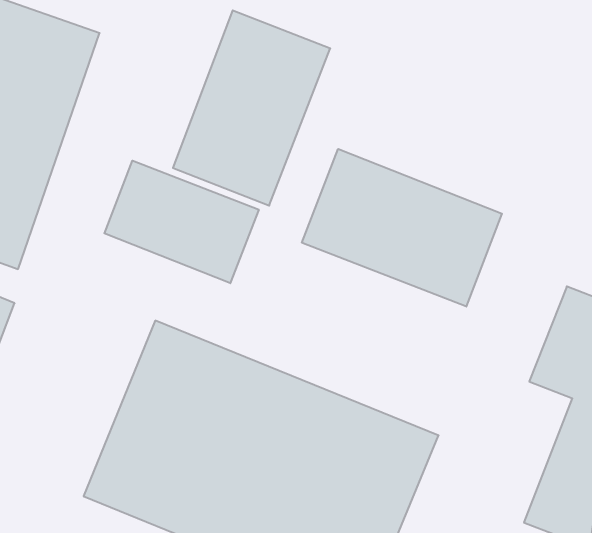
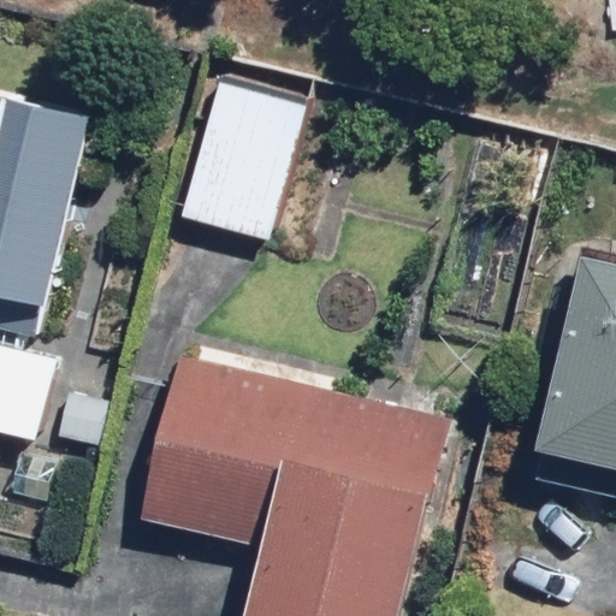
building: [302,149,502,307] -> none
building: [104,161,259,283] -> none

